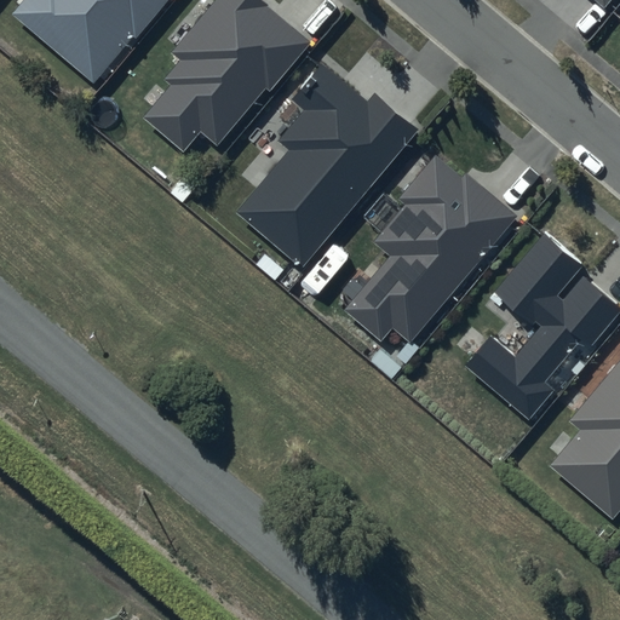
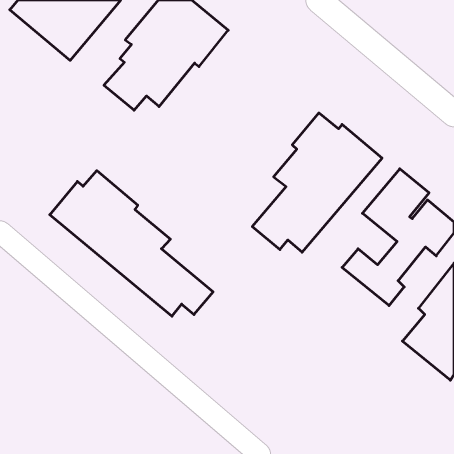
building: [235,65,419,268] -> none
building: none -> [50,171,213,316]

